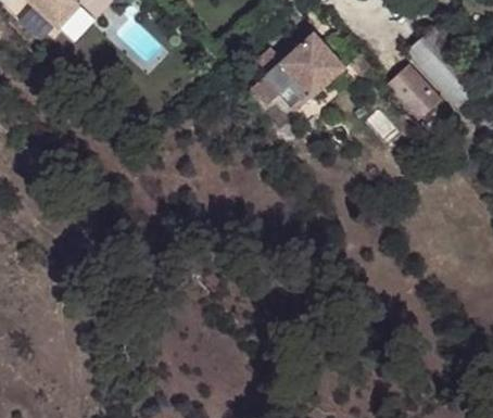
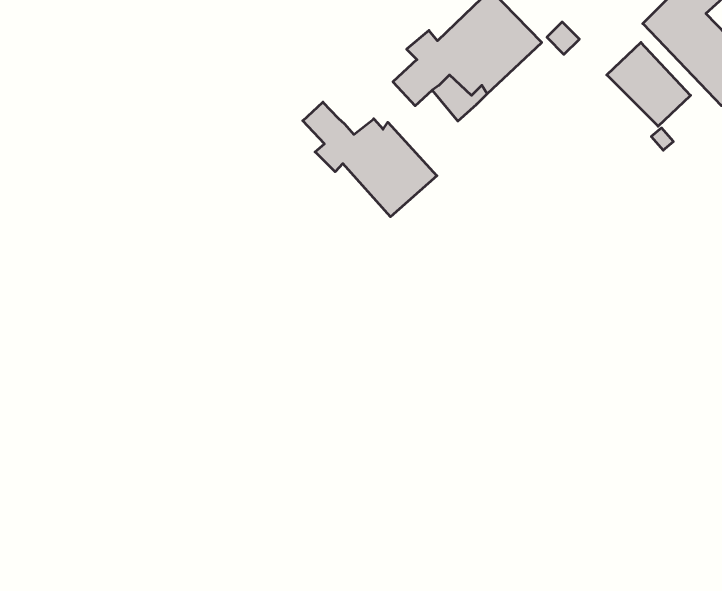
building: none -> [303,102,437,217]

